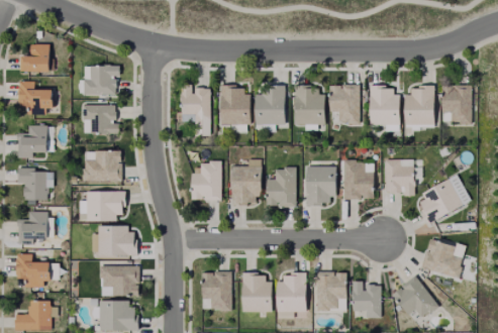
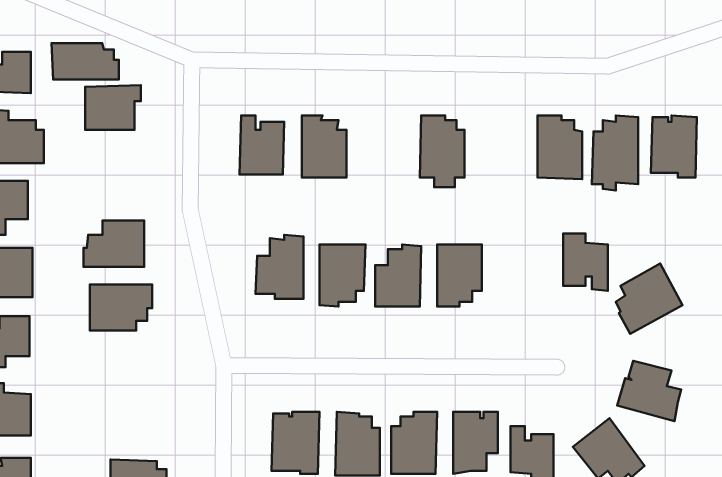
building: none -> [51,43,119,79]
building: [329,85,359,124] -> none
building: [256,88,284,124] -> none
building: [82,105,116,133] -> none
building: [343,159,374,199] -> none
building: [98,228,133,257] -> none
building: [100,266,138,296] -> none

